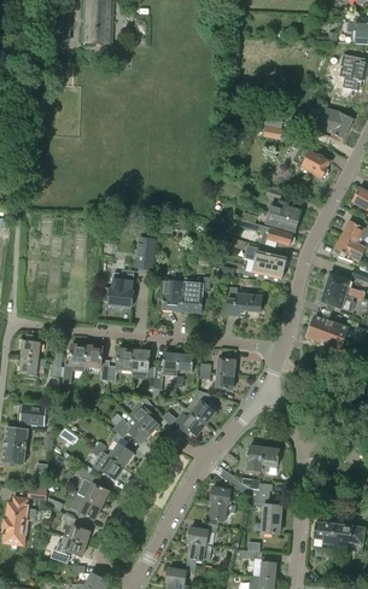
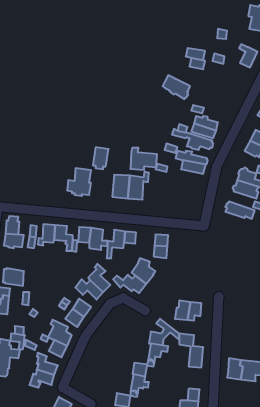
building: [293,146,329,177] -> [163,75,190,99]
building: [227,287,262,316] -> [130,148,157,170]
building: [306,328,345,357] -> none

